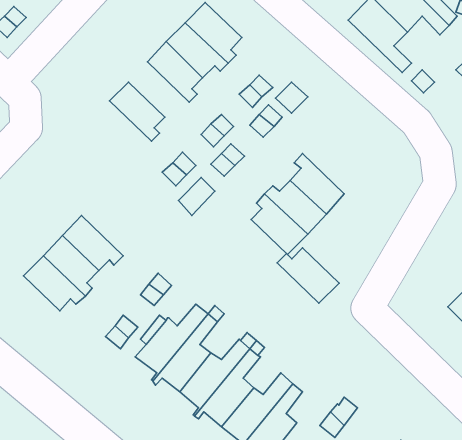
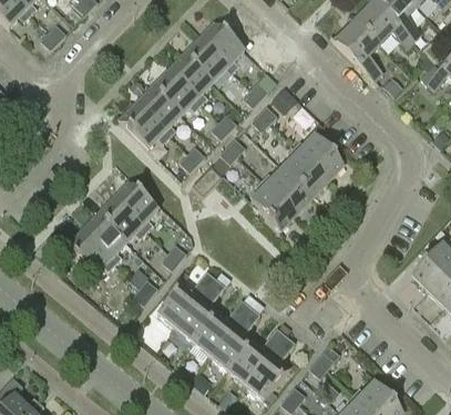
building: none -> [151,71,201,116]
building: none -> [119,103,170,148]
building: none -> [112,180,157,230]
building: [277,248,339,303] -> [294,134,345,179]

